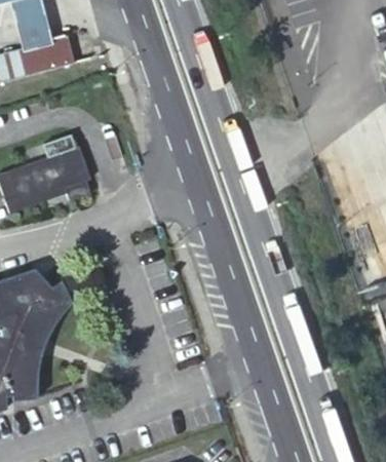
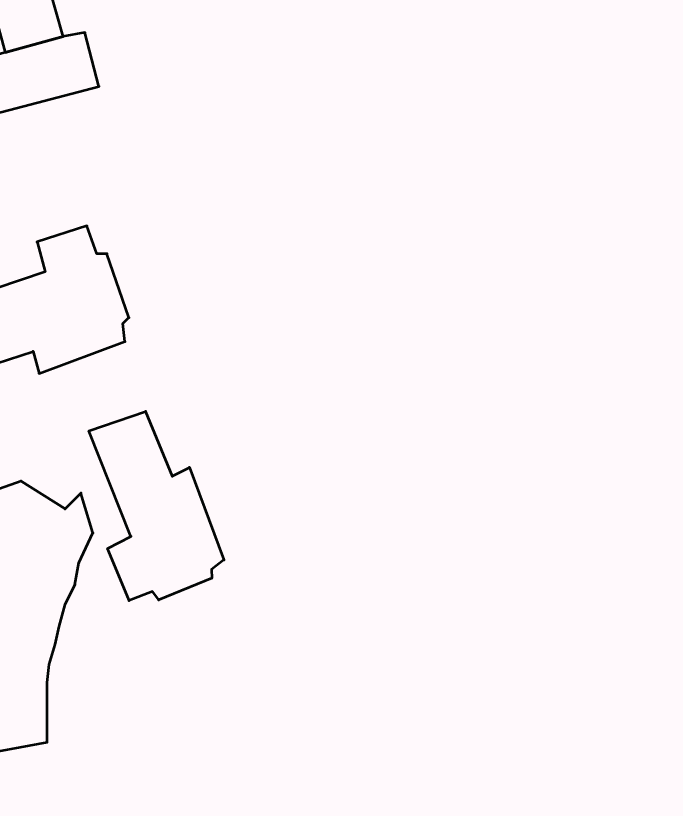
building: none -> [89,411,224,601]

